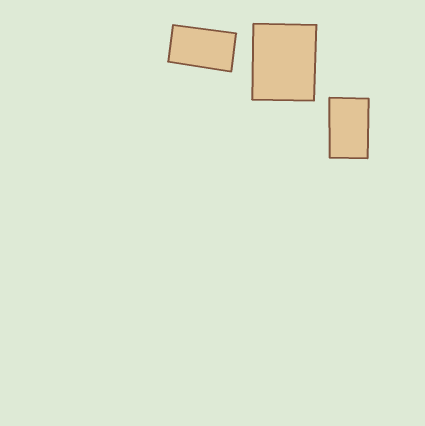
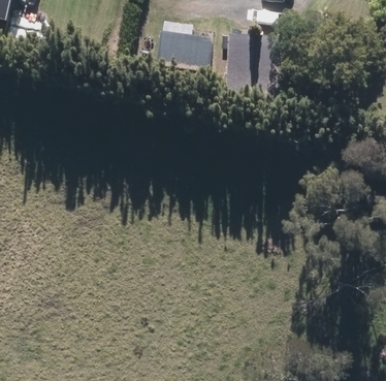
building: [330,98,369,158] -> none

